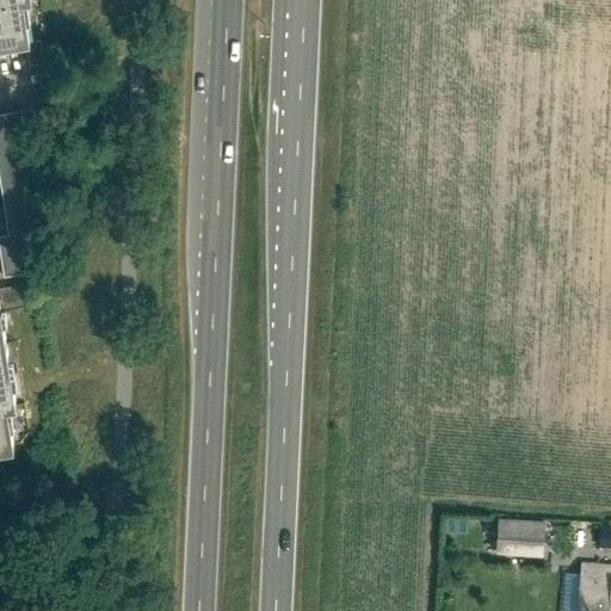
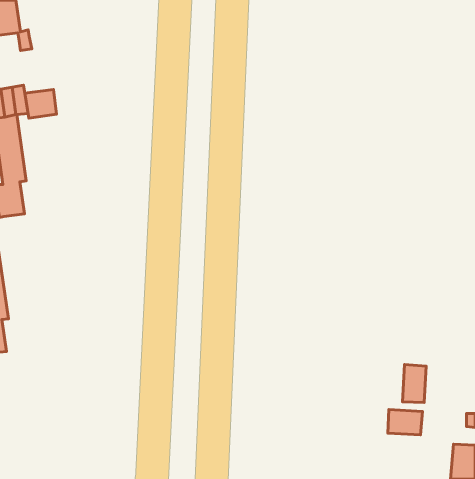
building: none -> [25,89,57,118]
building: none -> [403,365,426,402]

